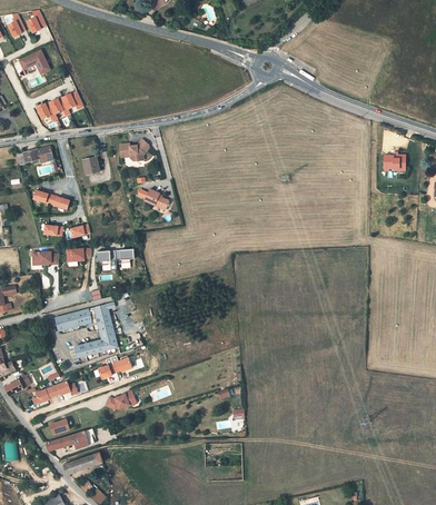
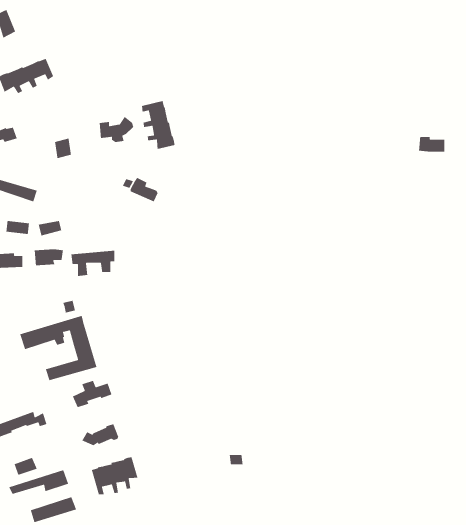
building: none -> [141,100,175,150]
building: none -> [91,456,139,495]

